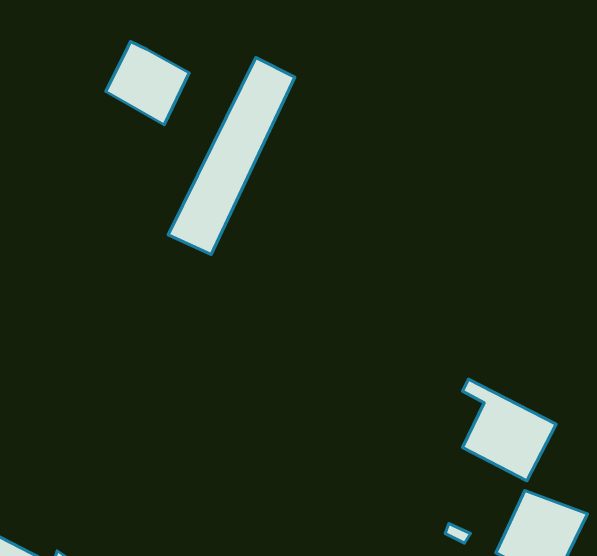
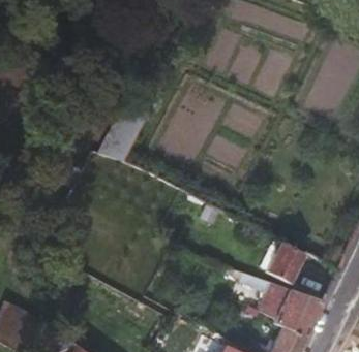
building: [106,42,189,125] -> none

